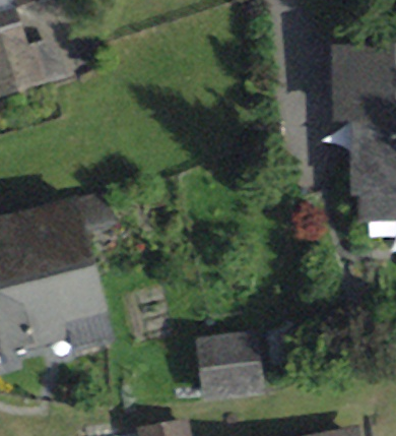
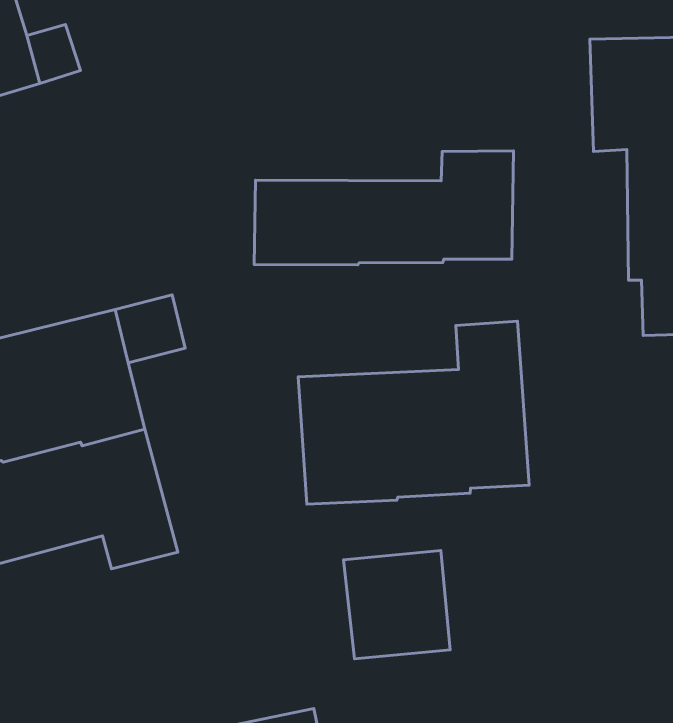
building: none -> [254,151,514,265]
building: none -> [298,321,529,504]

